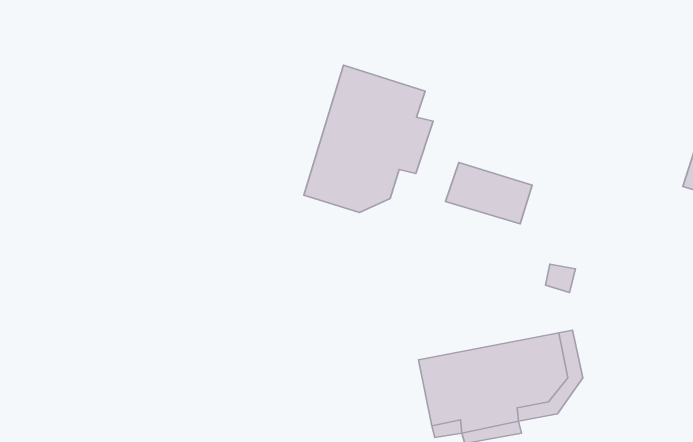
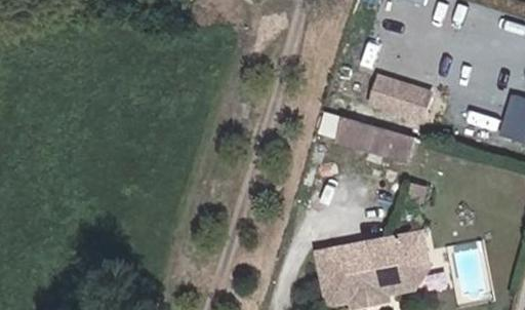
building: [304,65,433,212] -> none
building: none -> [373,77,430,117]

